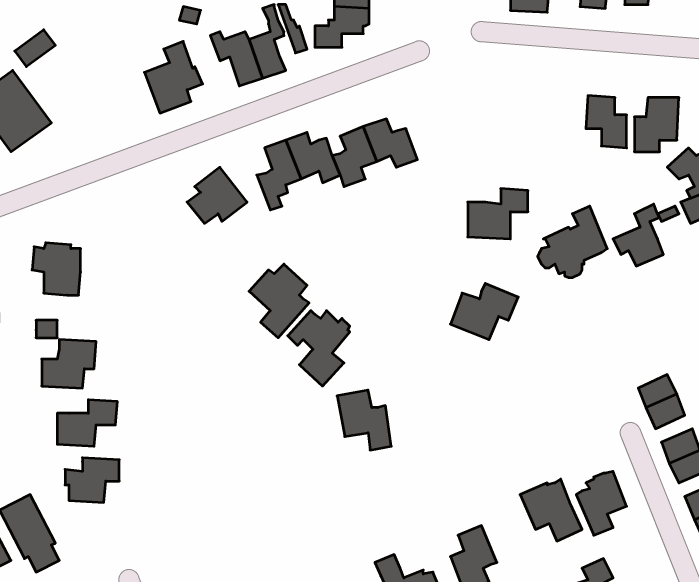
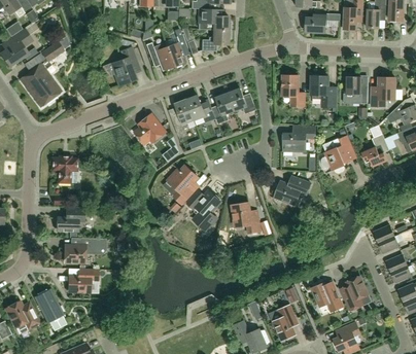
building: none -> [282,75,305,106]
building: none -> [311,76,336,107]
building: [337,390,391,450] -> [232,202,261,234]

